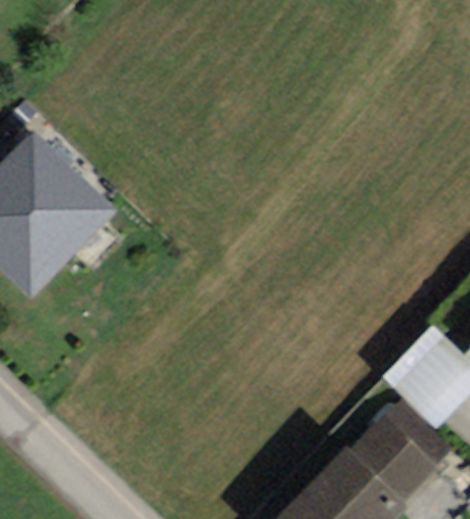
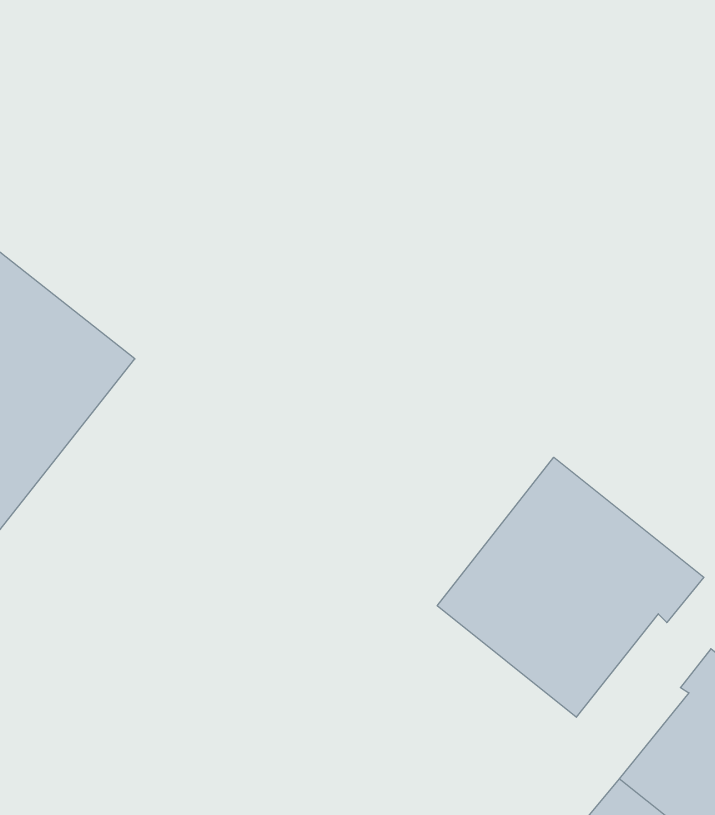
building: none -> [437,457,704,717]

